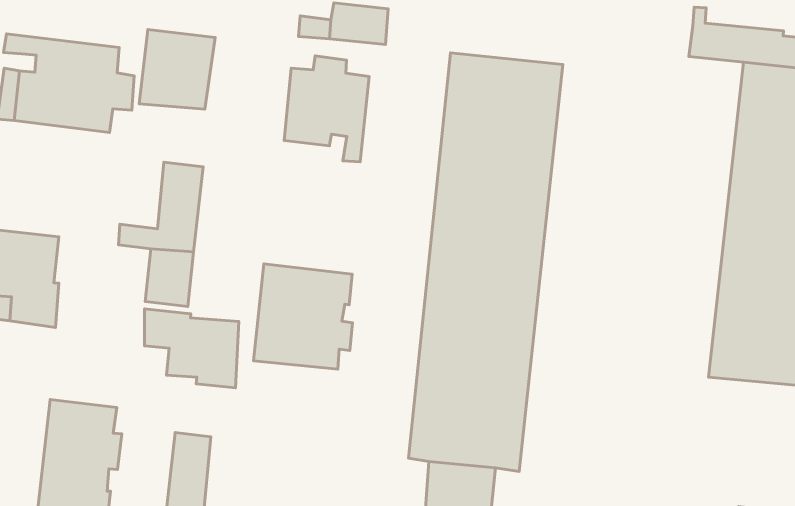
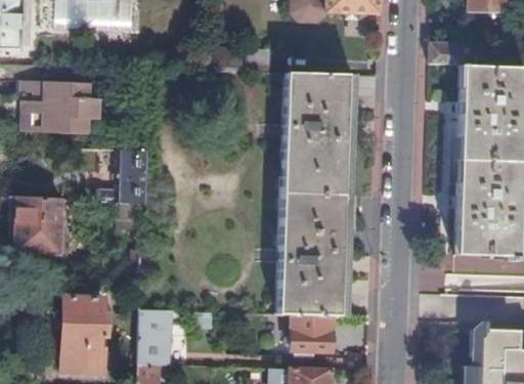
building: [139,29,215,109] -> none
building: [284,56,369,162] -> none
building: [254,264,353,369] -> none
building: [144,309,239,388] -> none

